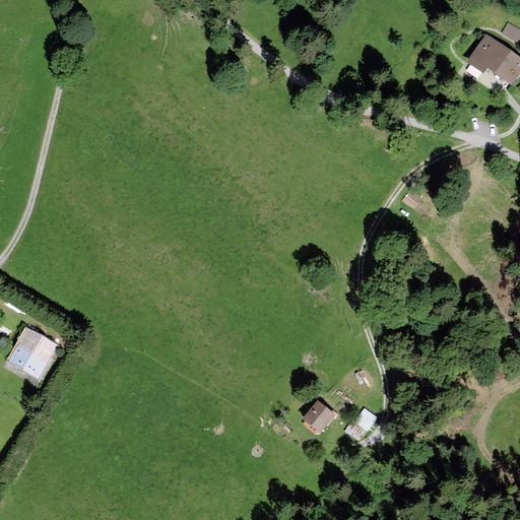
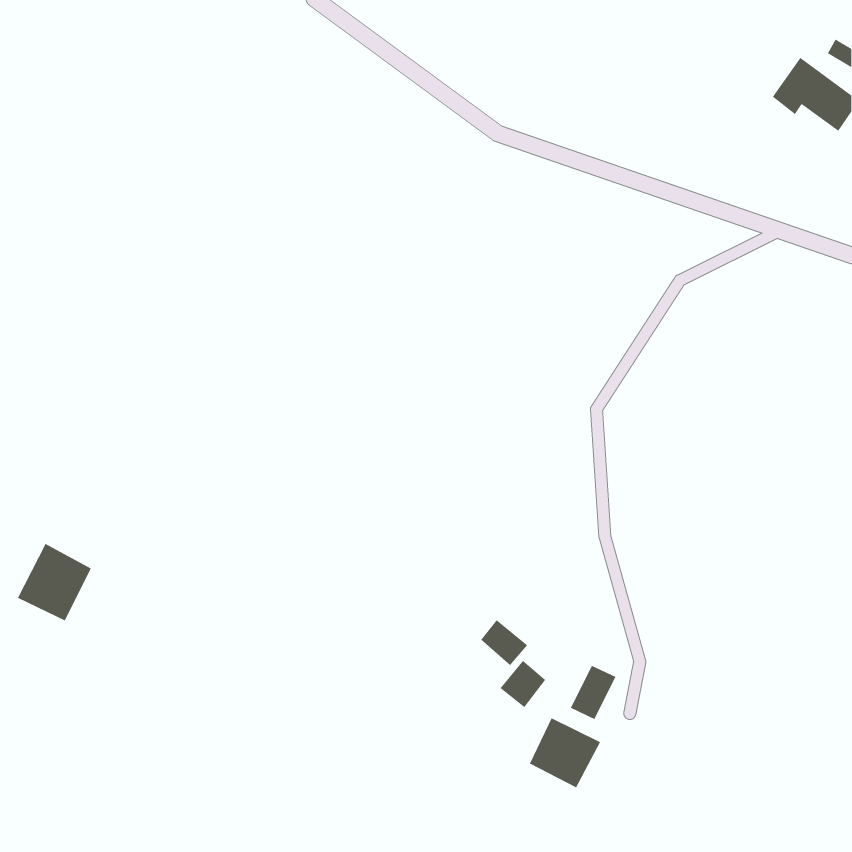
building: none -> [480,619,528,666]
building: none -> [529,717,601,788]

